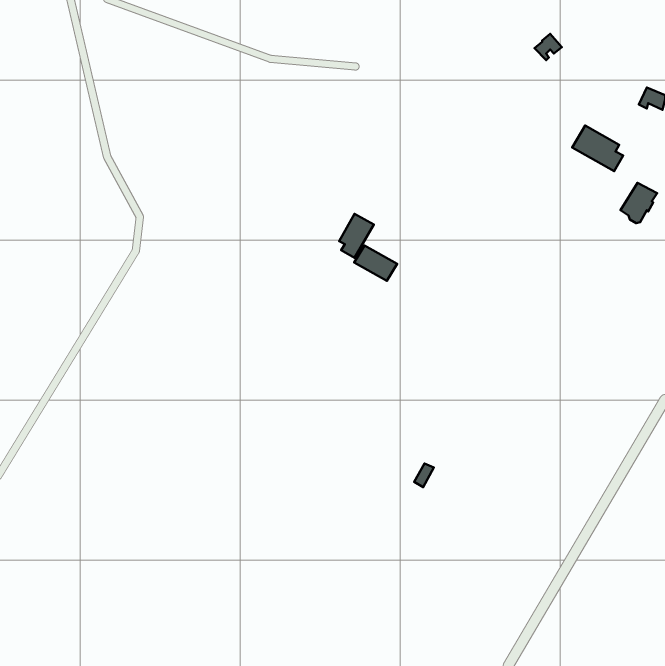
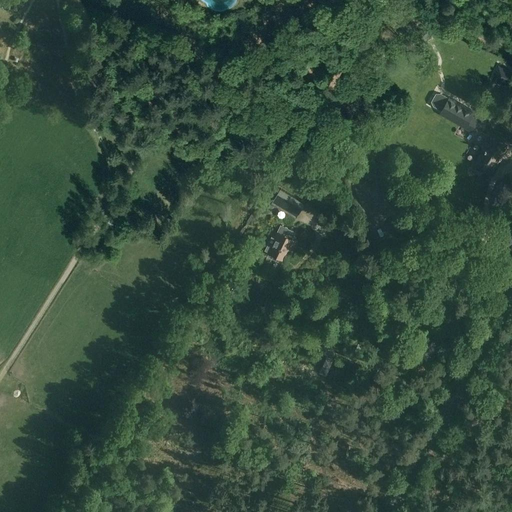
building: [339,214,374,258] -> none
building: none -> [267,231,294,259]

